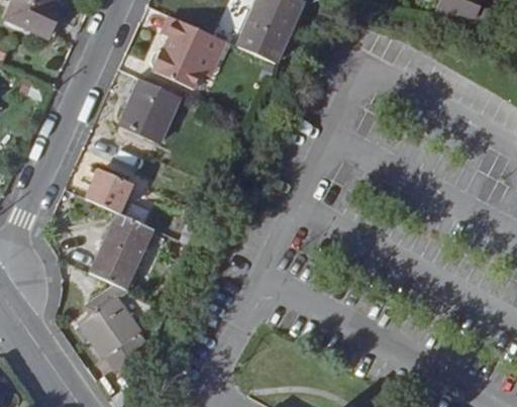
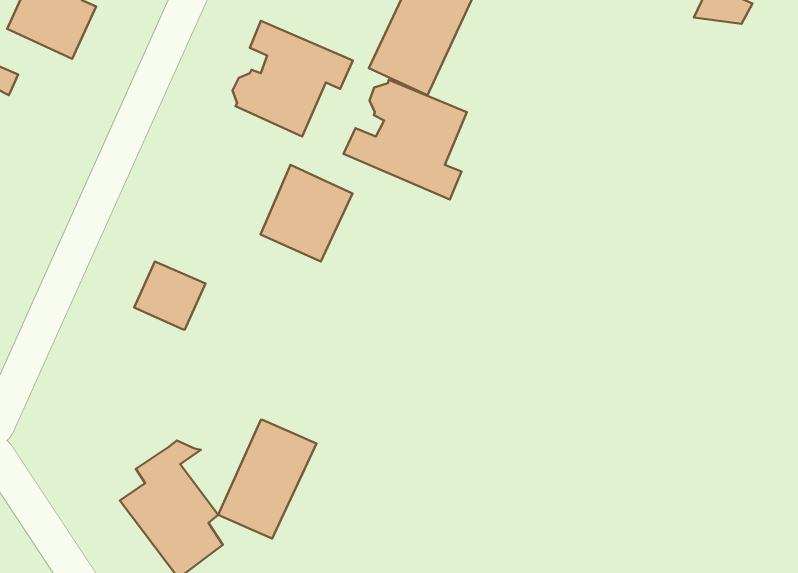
building: none -> [344,80,467,200]
building: [121,78,180,139] -> [260,165,352,262]
building: [91,212,153,288] -> [218,420,316,539]

